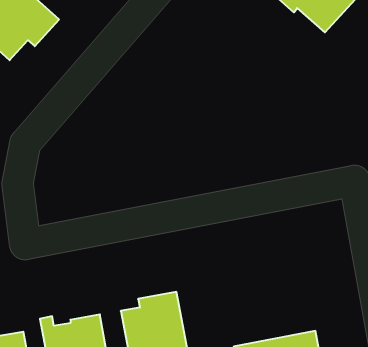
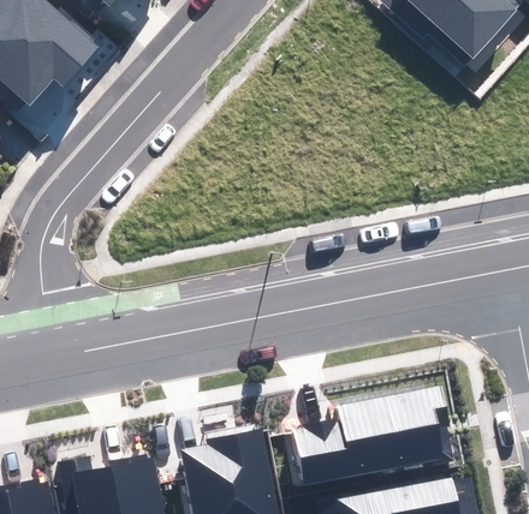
building: none -> [289,388,446,488]

